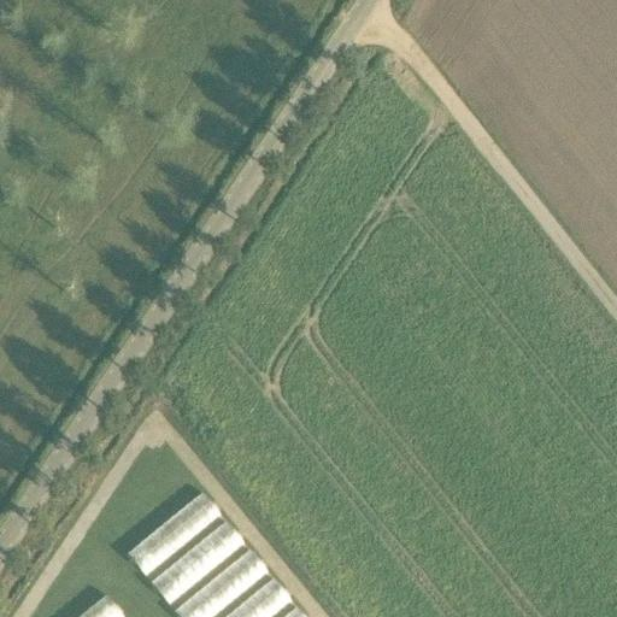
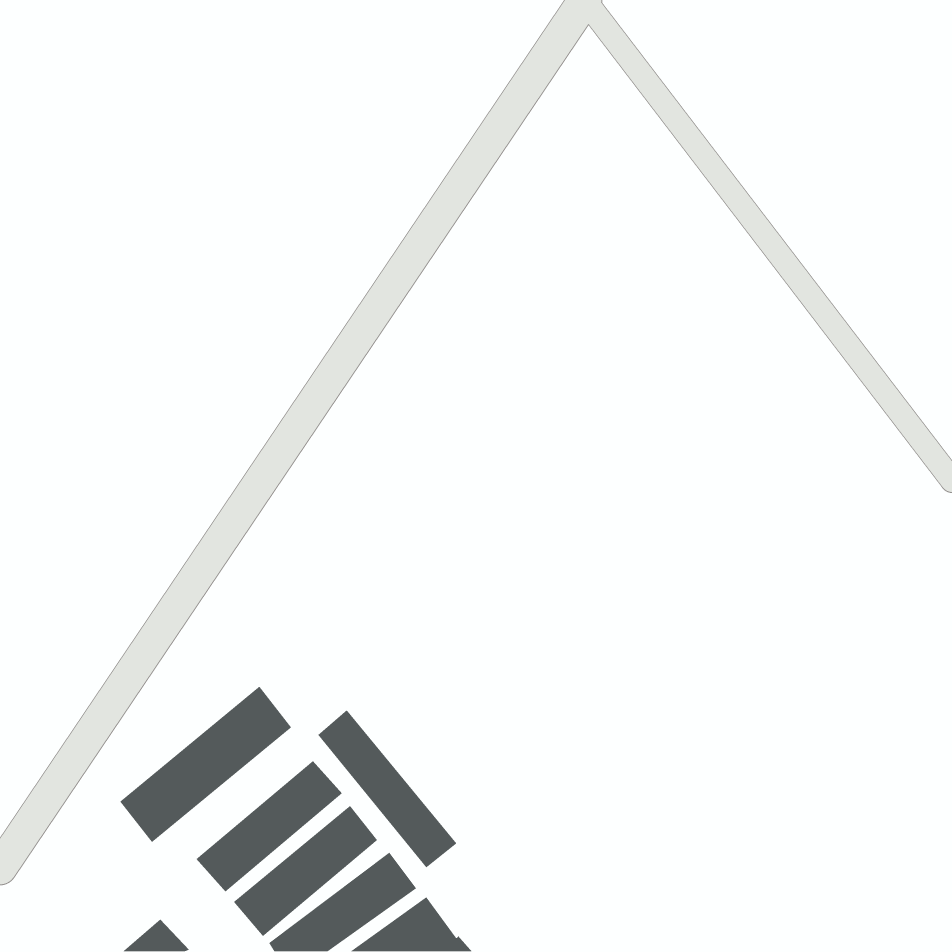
building: none -> [119,685,292,843]
building: none -> [317,709,458,869]

